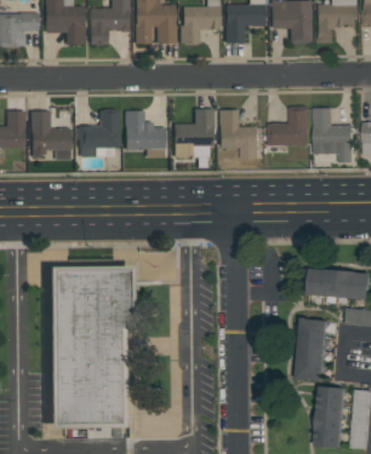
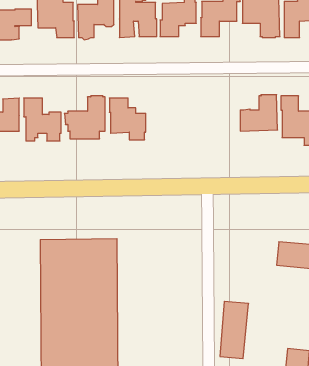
building: [175,108,215,167] -> none
building: [219,109,259,159] -> none
building: [297,318,329,381] -> [220,301,249,359]

